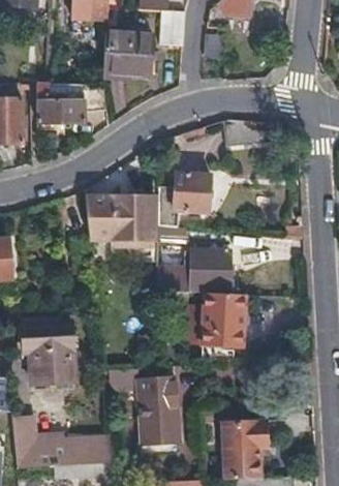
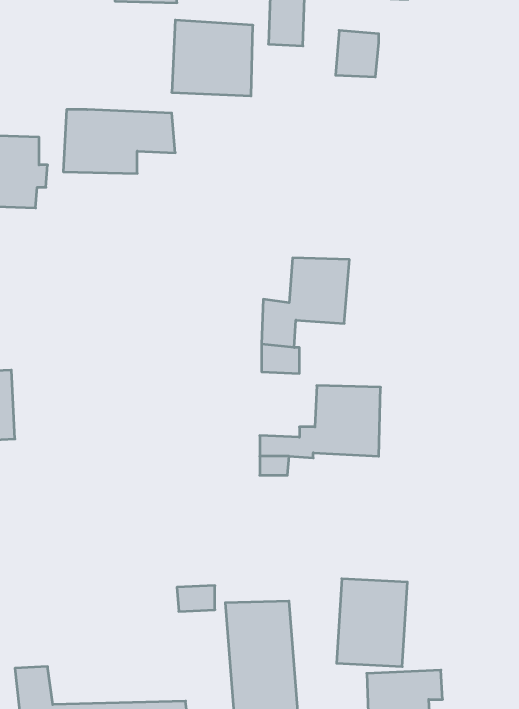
building: [83,196,155,239] -> none
building: [202,293,244,345] -> [337,579,407,667]
building: [22,322,75,385] -> none

